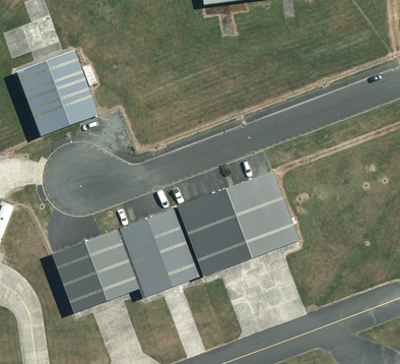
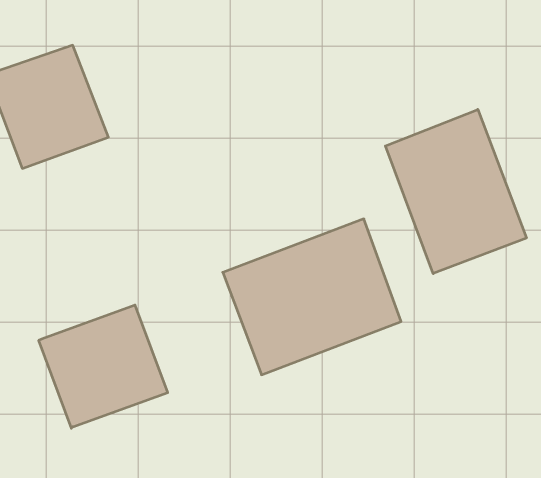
building: none -> [385,109,526,274]
building: [119,206,201,297] -> none

